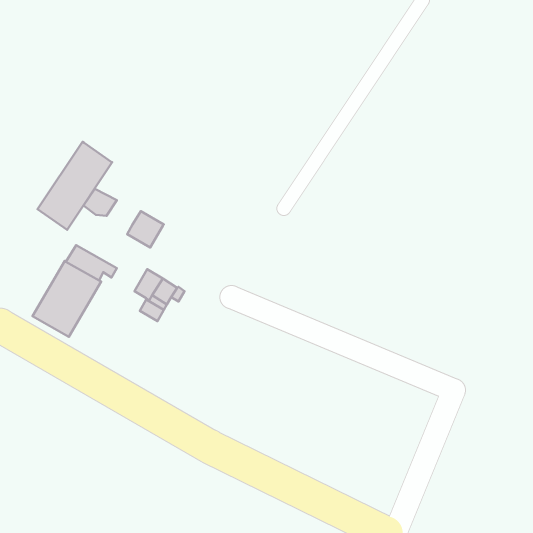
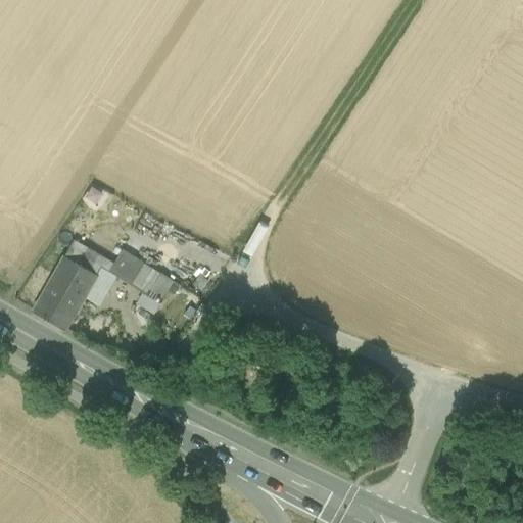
building: [38,142,112,230] -> none
building: [127,211,164,248] -> [109,249,145,285]

